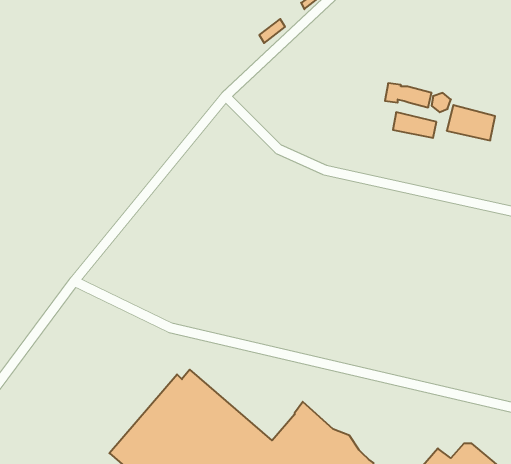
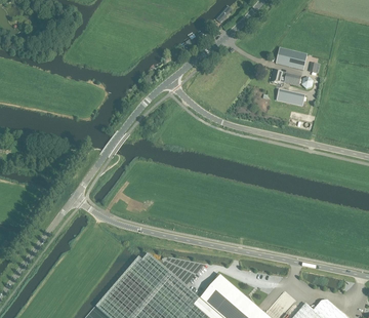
building: [447,105,495,140] -> [274,48,304,71]

